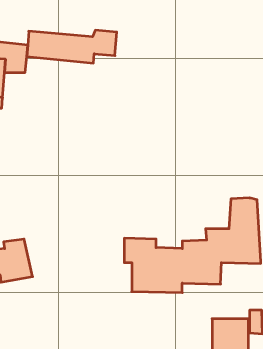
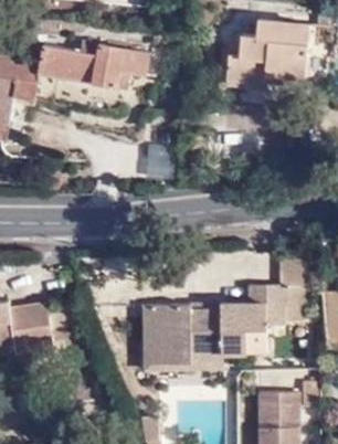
building: none -> [224,20,308,99]
building: none -> [142,294,221,366]

